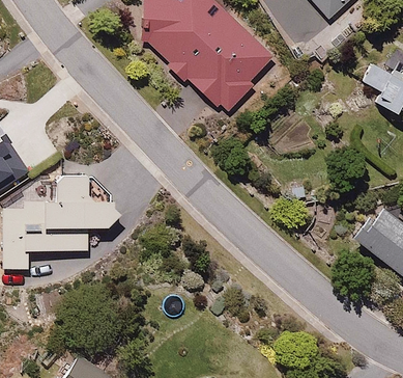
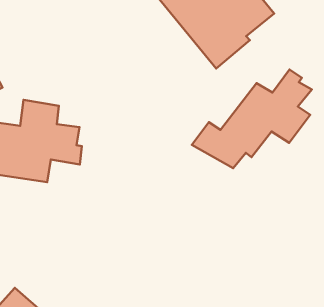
building: none -> [192,70,312,168]

